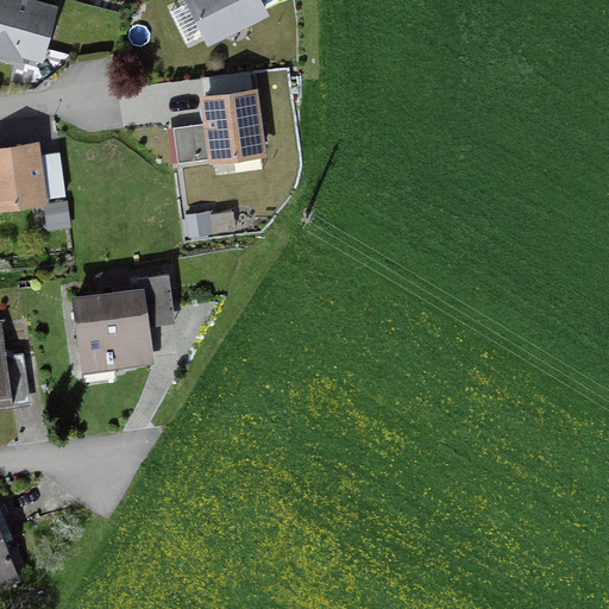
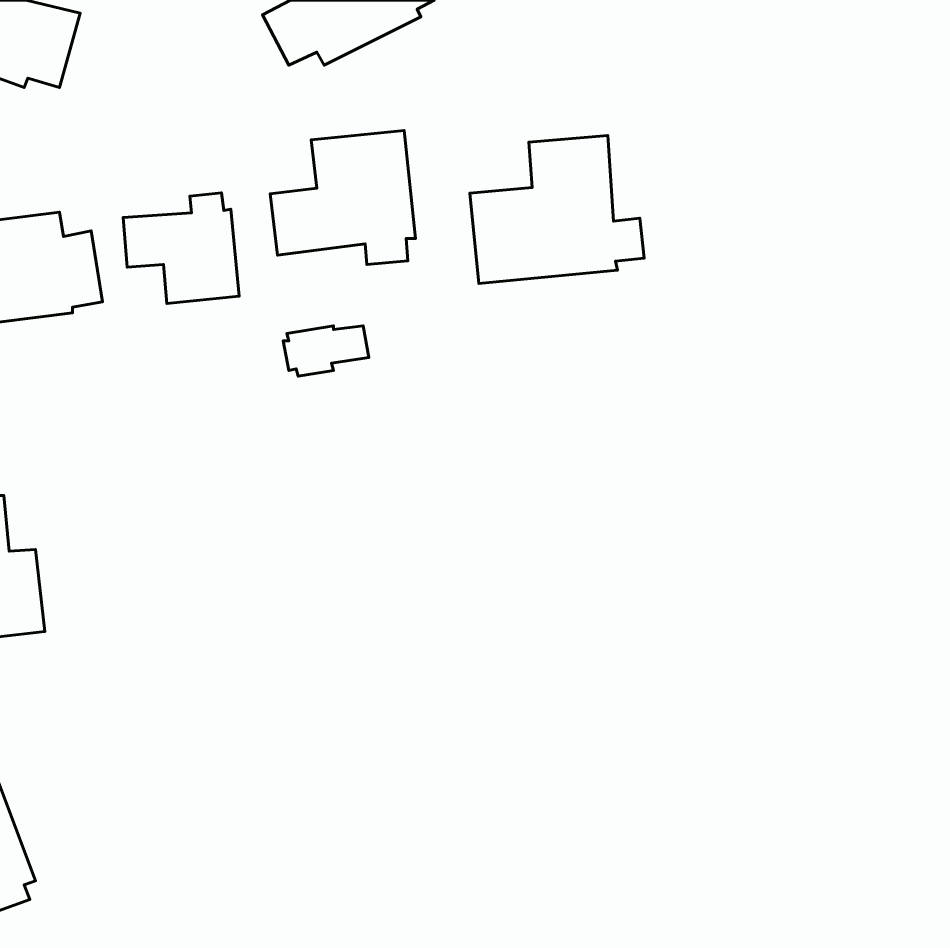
building: none -> [470,135,644,284]
building: none -> [123,193,239,304]
building: [70,272,175,385] -> none

